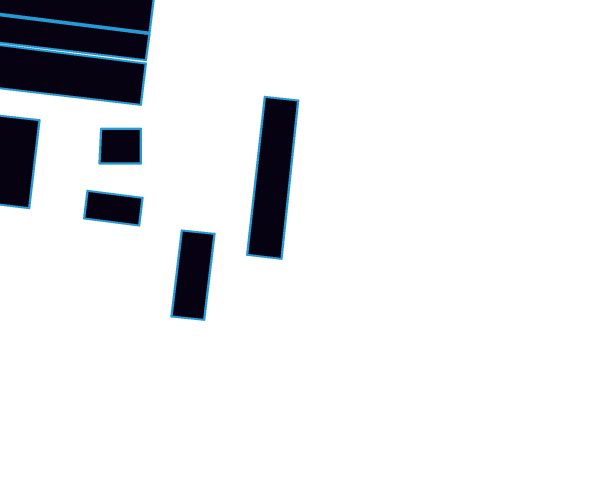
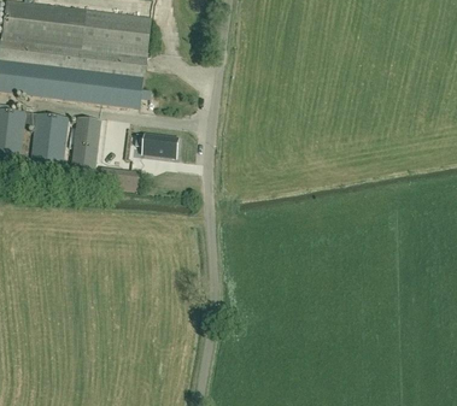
building: [247,97,298,259] -> none
building: none -> [142,135,177,158]
building: [172,230,215,320] -> [70,119,100,182]

